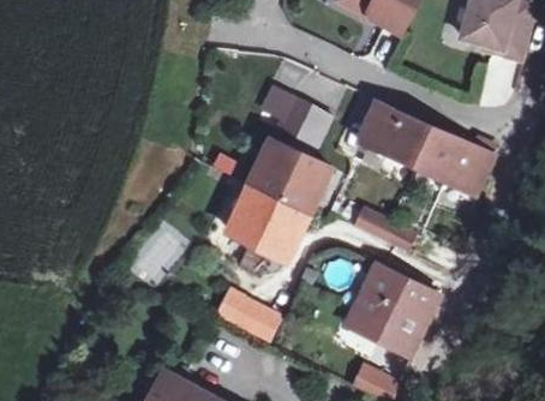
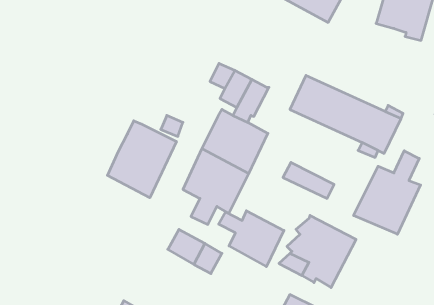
building: none -> [107,121,176,198]
building: none -> [354,151,421,234]
building: none -> [219,211,284,267]

